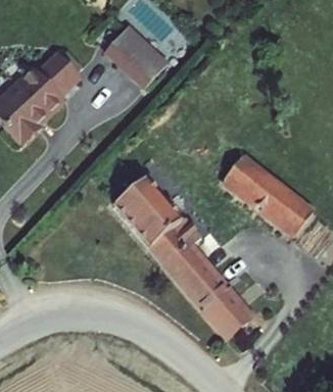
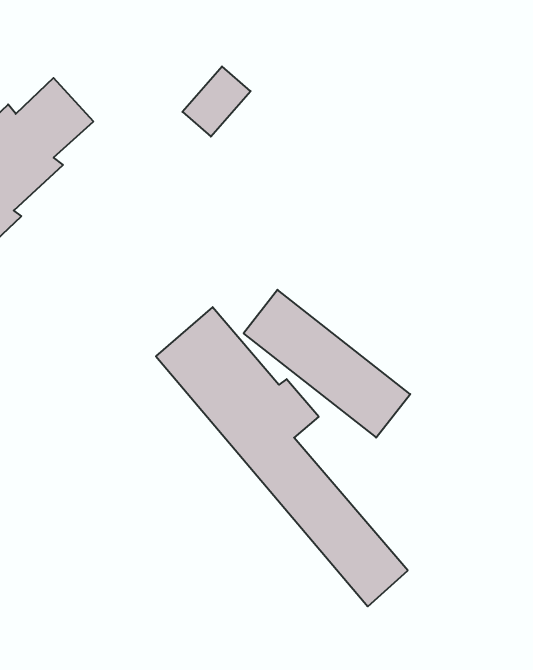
building: [103,24,149,70] -> none
building: [223,155,313,235] -> [244,290,410,438]

